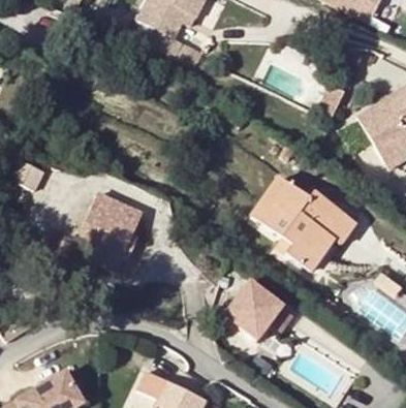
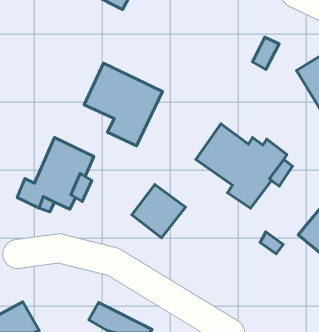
building: none -> [84,63,162,146]
building: [224,282,282,340] -> [132,184,186,238]

